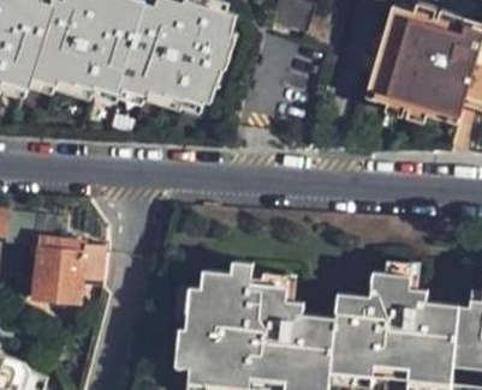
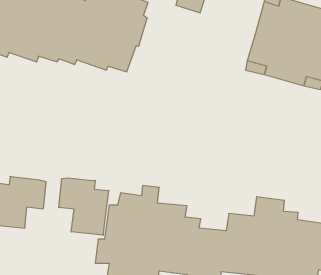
building: none -> [59,178,109,235]

